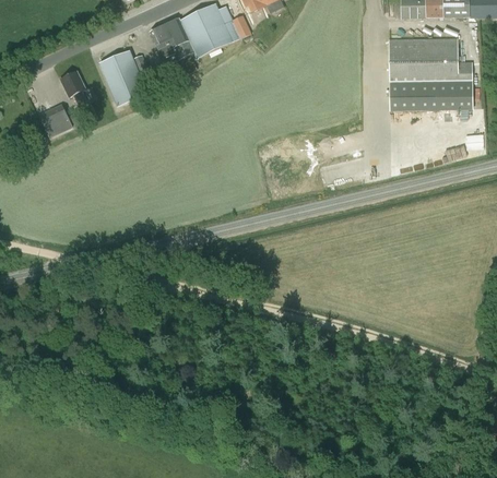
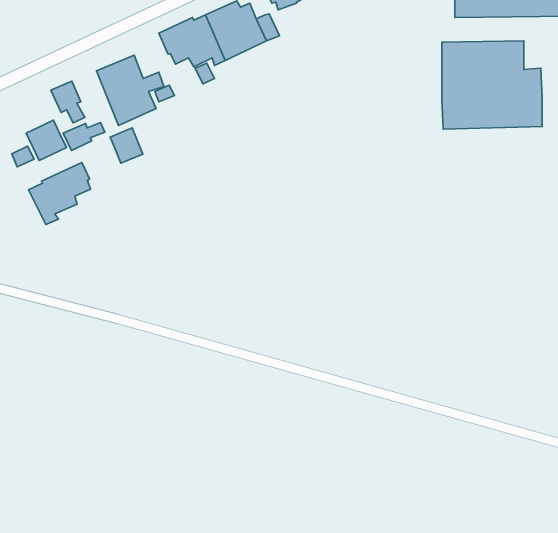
building: none -> [63,122,105,151]
building: none -> [110,128,143,163]
building: none -> [29,163,91,225]

